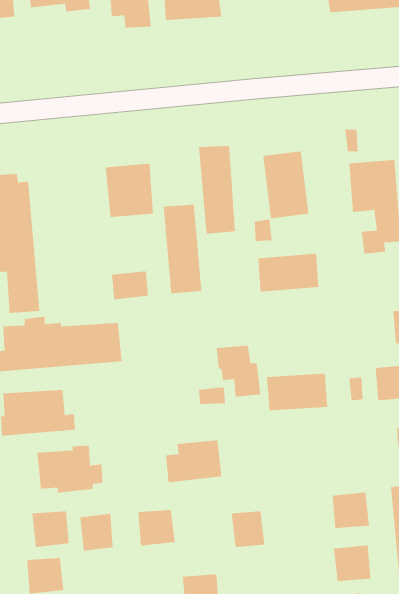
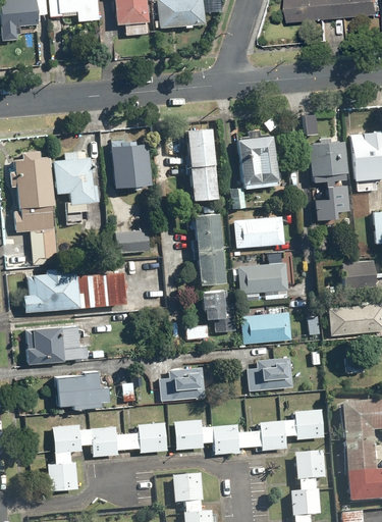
building: none -> [53,156,95,204]
building: [163,204,202,294] -> [194,212,225,284]
building: none -> [238,262,288,299]
building: none -> [248,356,293,390]
building: none -> [173,419,204,449]
building: none -> [259,419,287,450]

